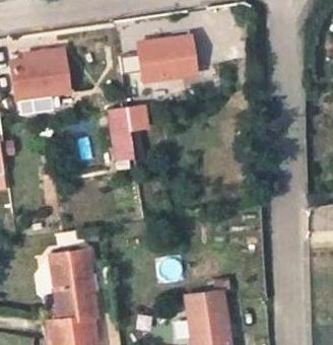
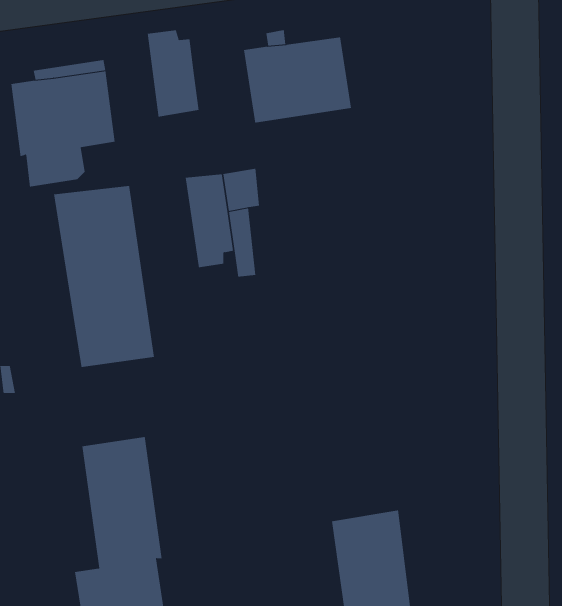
building: none -> [147,29,199,118]
building: none -> [54,185,155,368]

